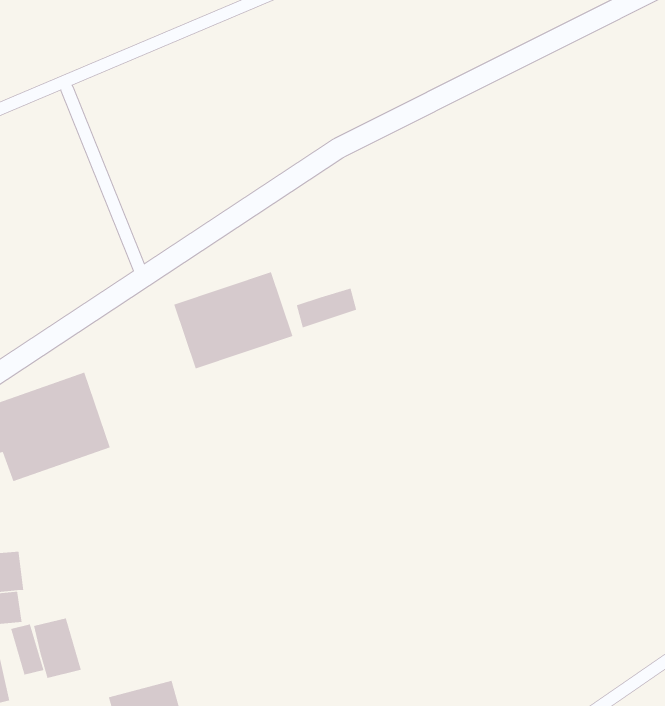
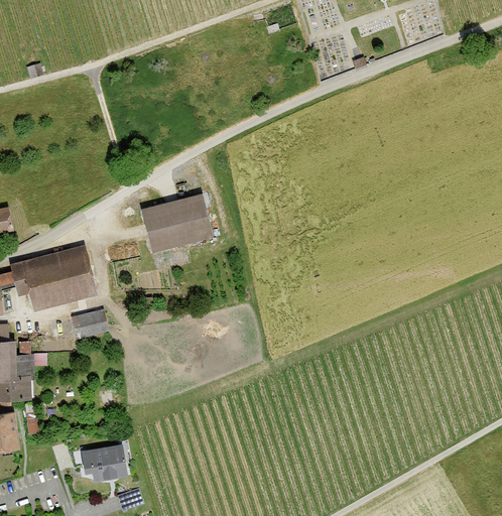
building: [296,288,357,329] -> none
building: none -> [71,309,109,341]
building: [33,617,82,679] -> none

